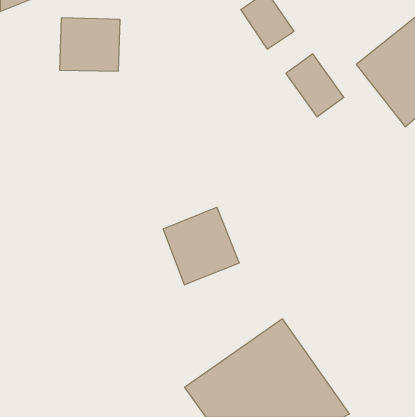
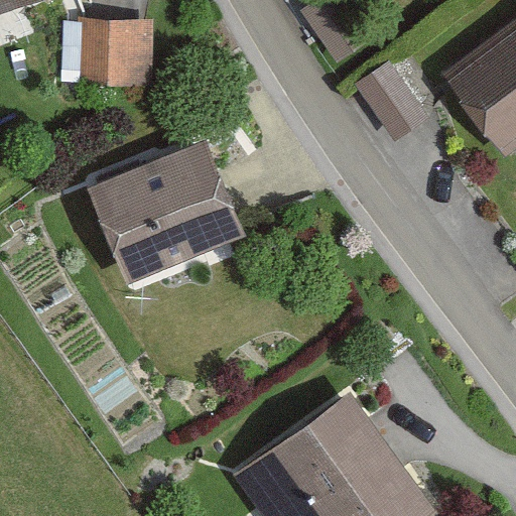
building: none -> [87,141,241,282]
building: [163,207,239,285] -> none

